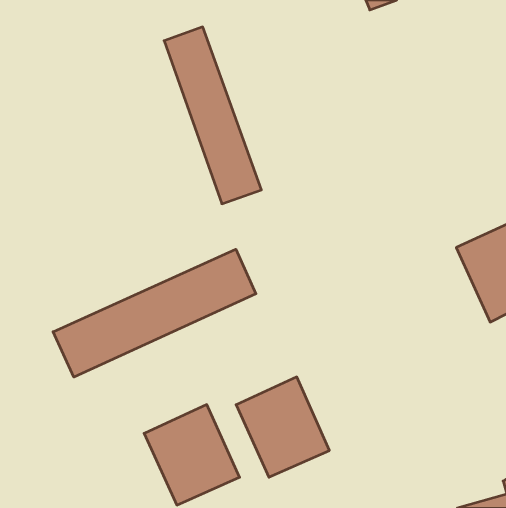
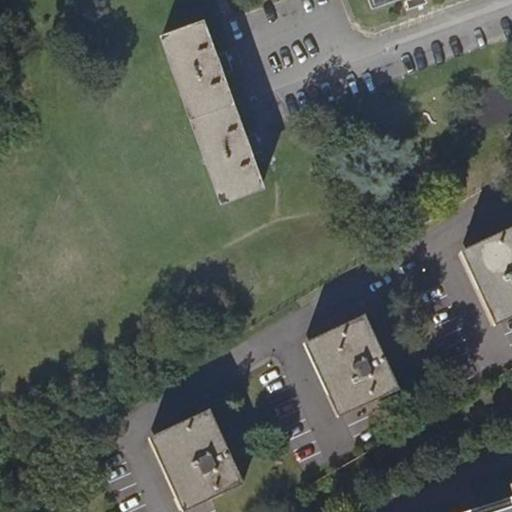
building: [53,249,256,377] -> none
building: [236,377,329,477] -> [305,313,399,414]

